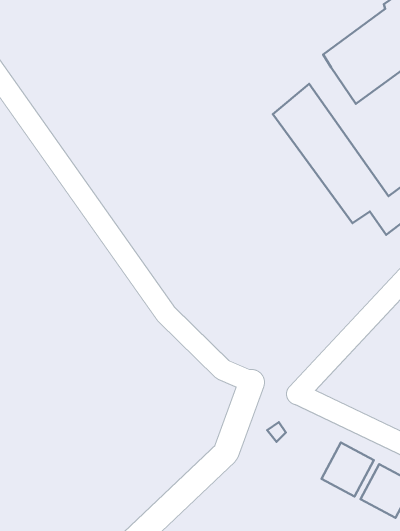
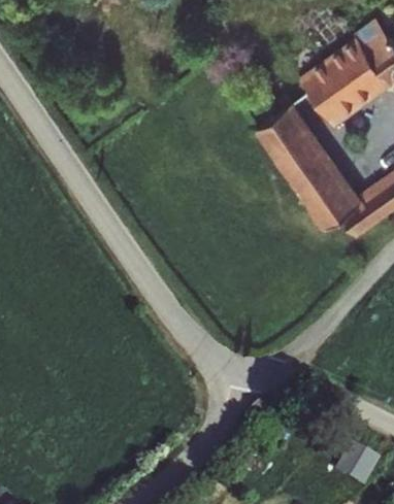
building: [322,442,374,497] -> none

